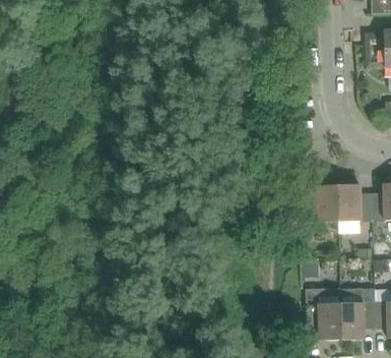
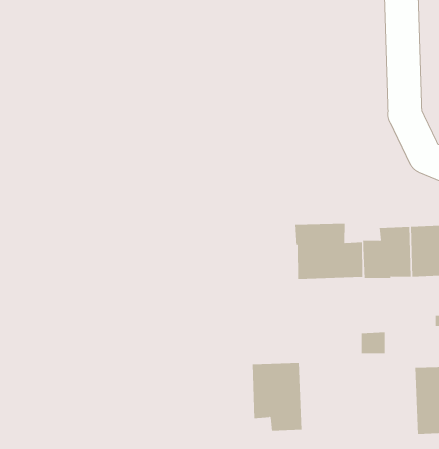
building: none -> [294,223,363,280]
building: [306,288,343,339] -> [252,363,303,431]

